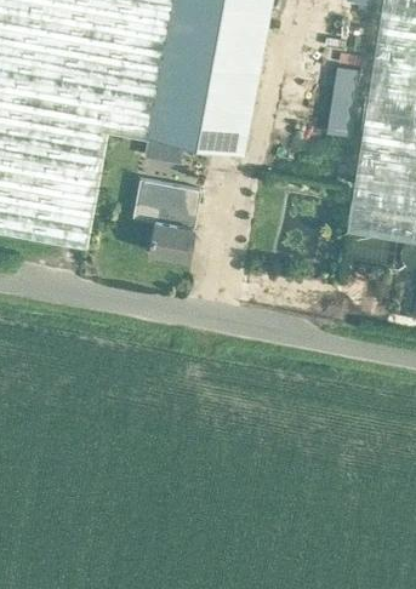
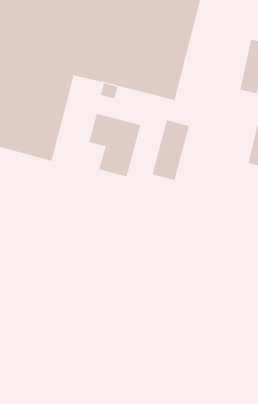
building: none -> [152,120,190,181]

